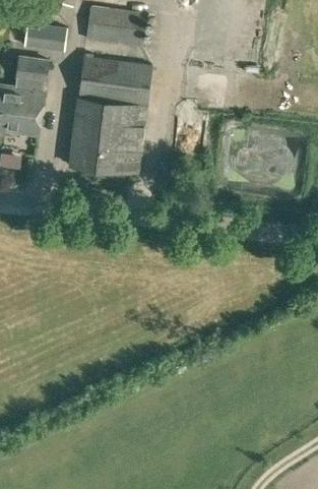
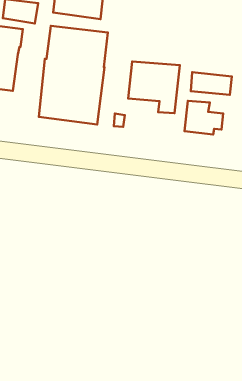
building: none -> [128,61,180,113]
building: none -> [191,72,232,95]

